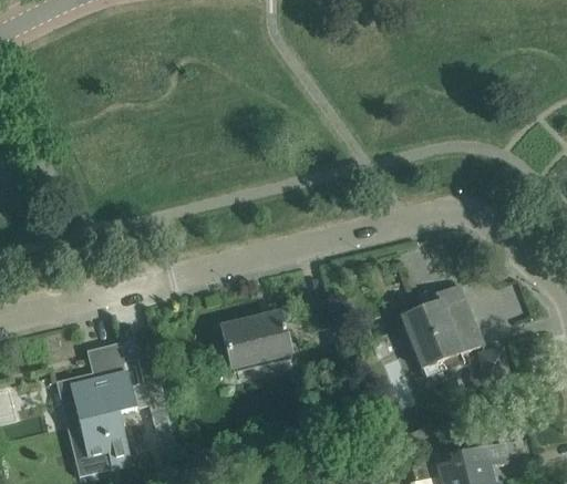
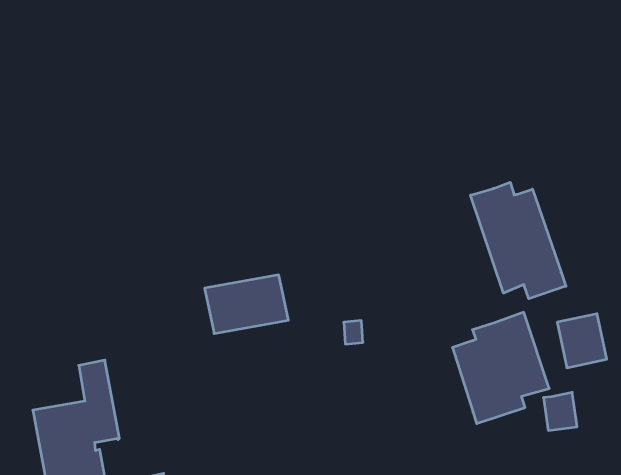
building: none -> [471,182,566,299]
building: [221,313,291,364] -> [205,275,288,334]

